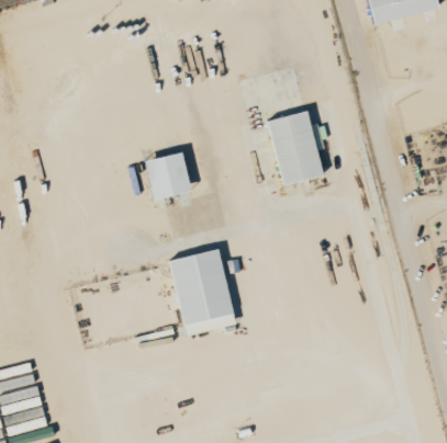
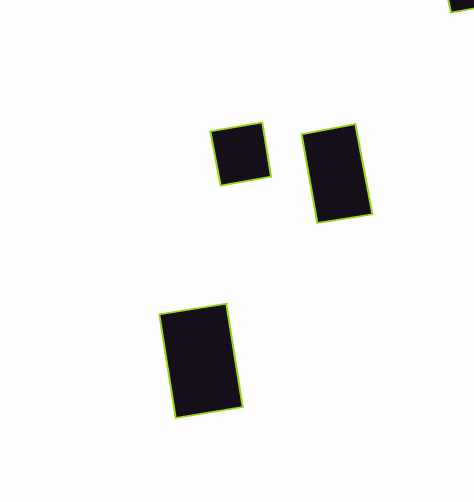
building: [144,152,191,201] -> [210,123,271,185]

